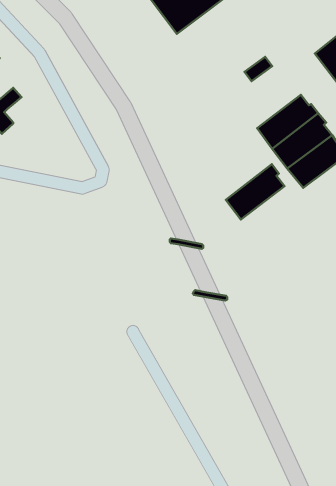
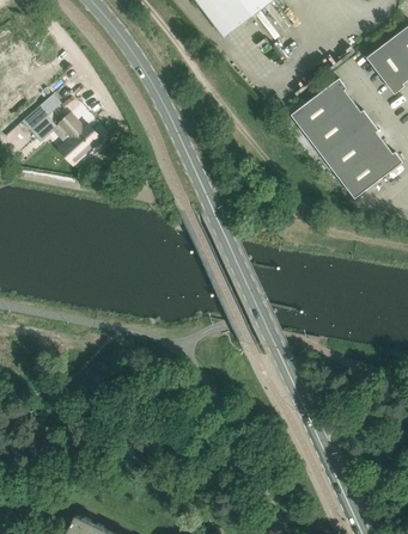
building: none -> [54,113,101,158]
building: [226,164,285,219] -> [291,78,352,135]

